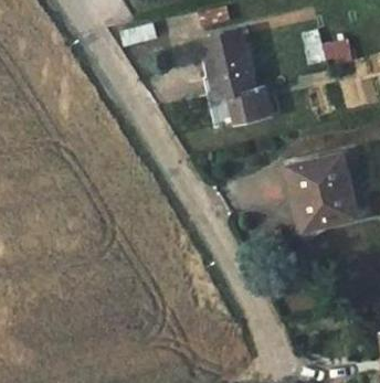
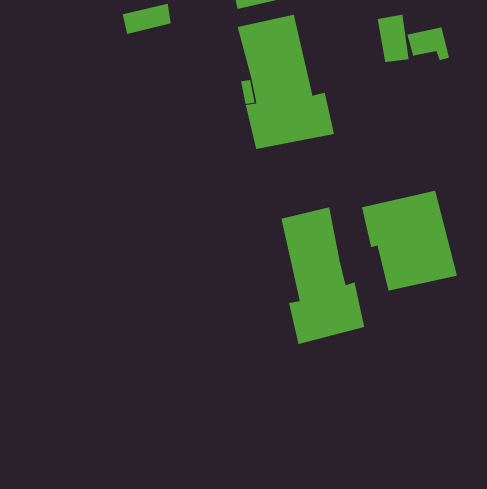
building: none -> [281,207,365,345]

